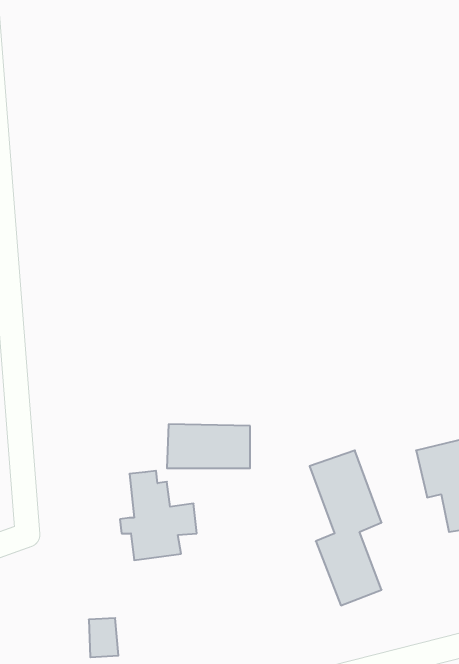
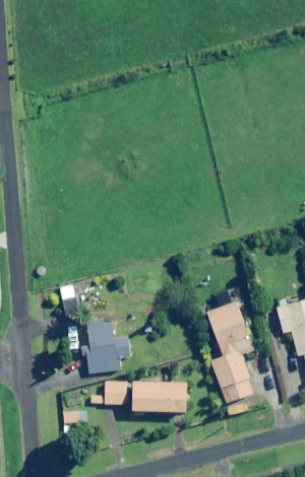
building: none -> [60,285,80,315]
building: [167,424,250,468] -> [131,383,185,411]
building: none -> [90,382,127,404]

